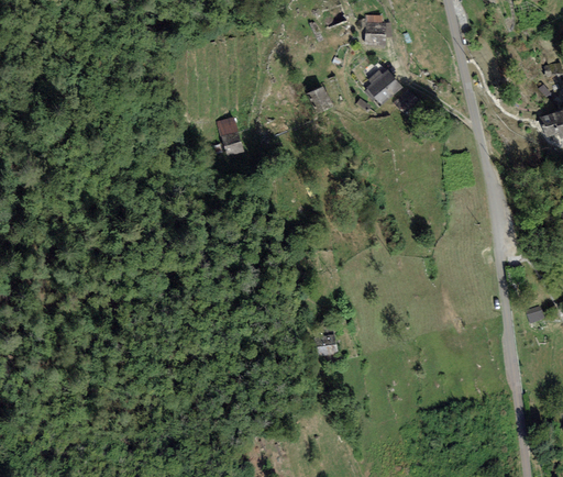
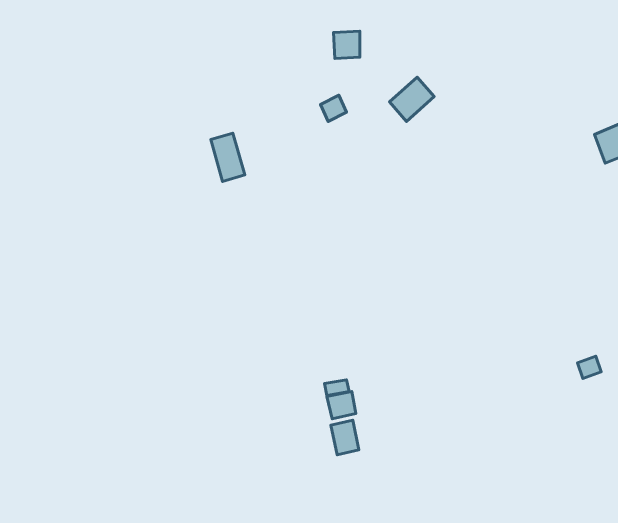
building: [364,22,386,45] -> [334,31,360,59]
building: none -> [331,420,359,455]

